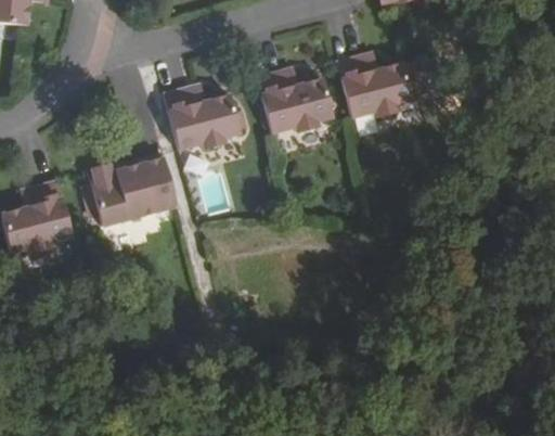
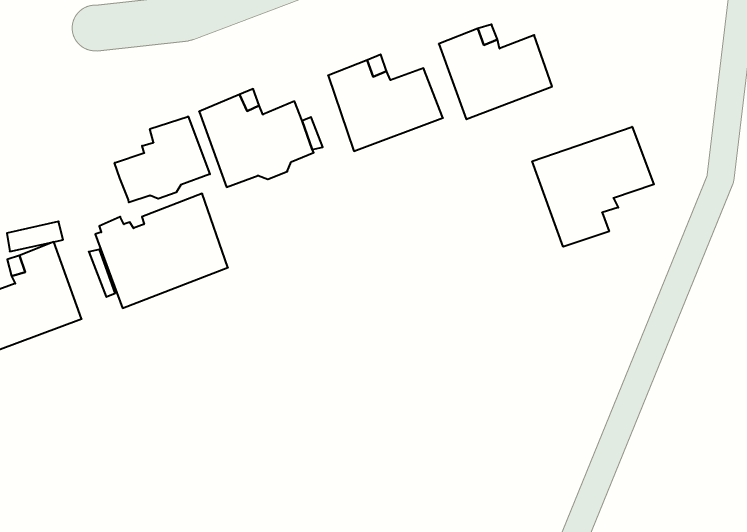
building: none -> [115,116,210,202]
building: none -> [532,127,654,247]

